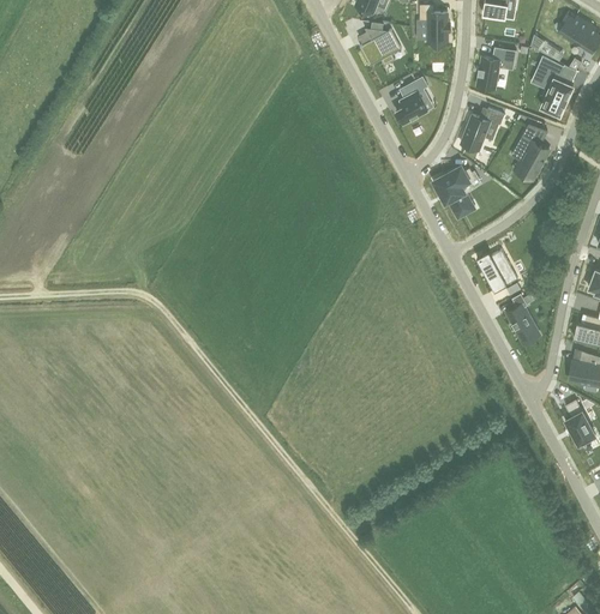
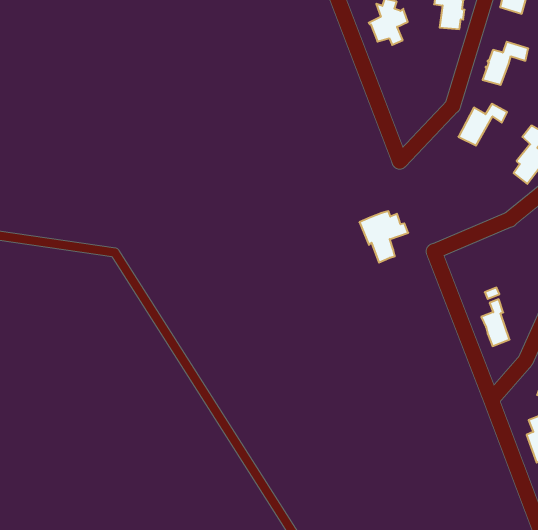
building: [396,78,427,125] -> none
building: [434,168,482,218] -> [359,211,408,263]
building: [476,251,511,293] -> none

